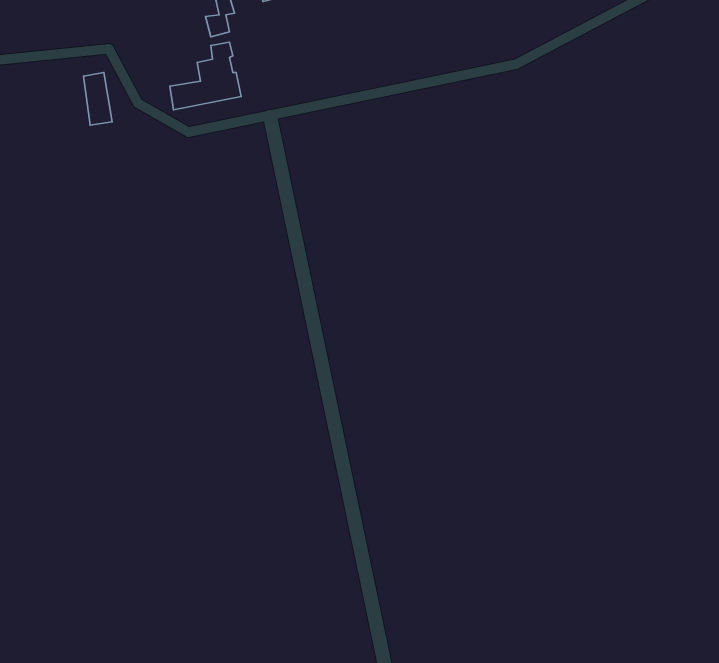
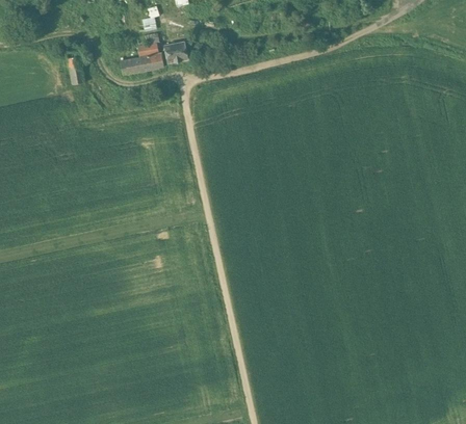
building: none -> [163,39,187,62]

